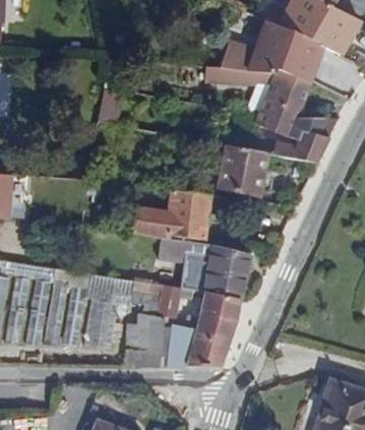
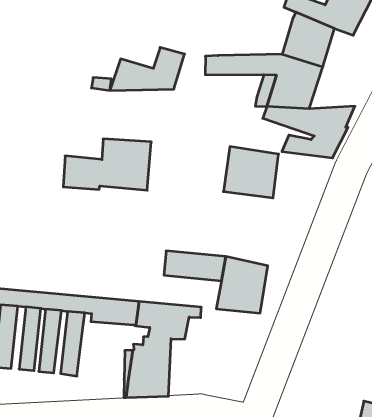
building: [219,30,287,68] -> [110,47,185,90]
building: [132,191,212,239] -> [63,139,151,190]
building: [83,288,130,349] -> none
building: [161,291,243,366] -> none

